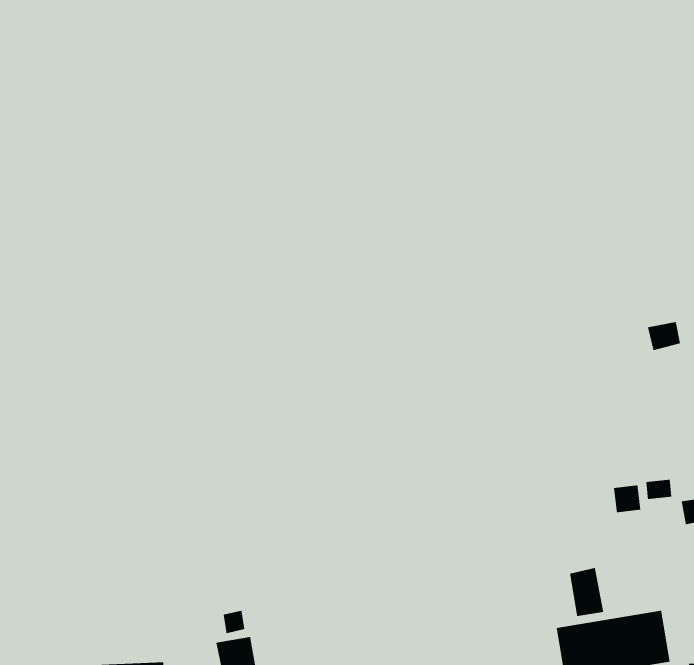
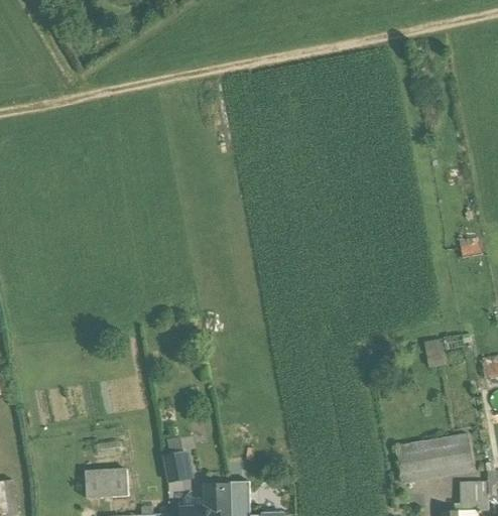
building: [570,567,604,617] -> none

